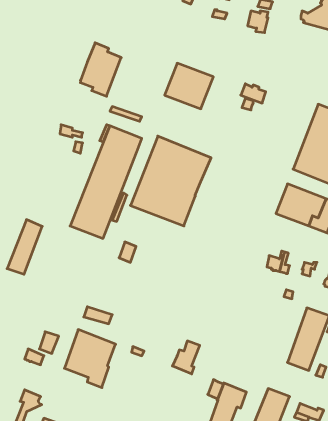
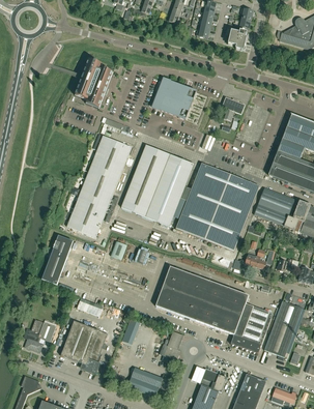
building: none -> [176,163,260,251]
building: [7,220,42,274] -> [41,234,74,284]
building: none -> [155,266,274,353]
building: none -> [127,367,171,397]

